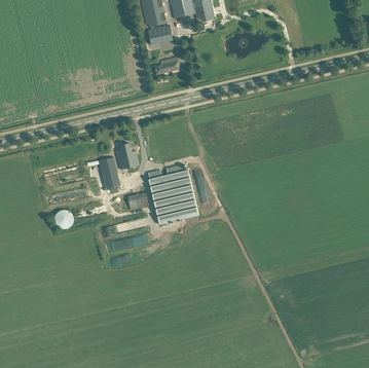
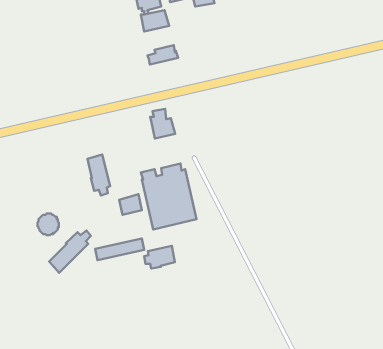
building: [116,142,139,169] -> [150,109,175,139]
building: none -> [49,230,91,273]
building: none -> [144,246,175,269]

